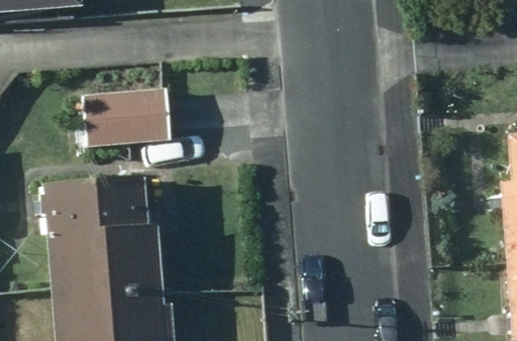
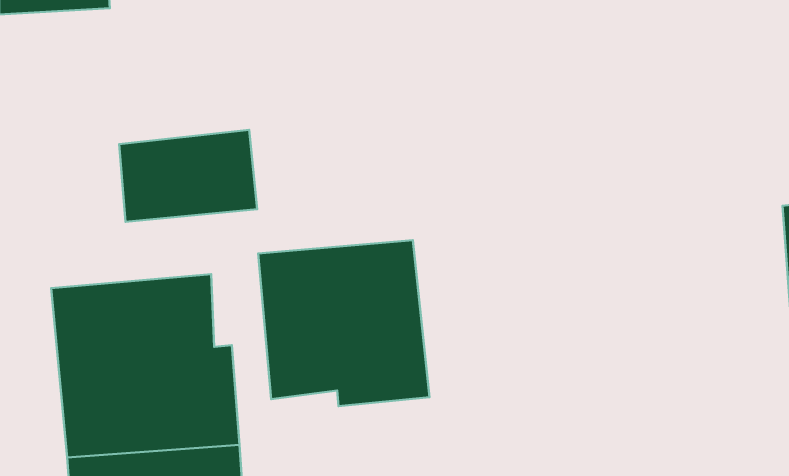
building: none -> [258,240,429,406]

